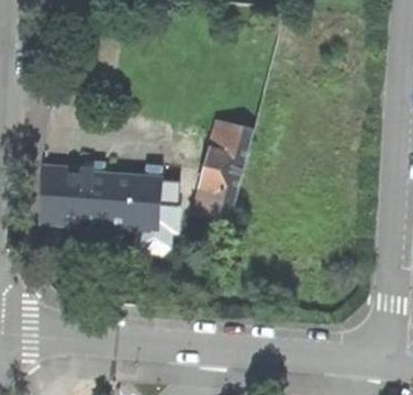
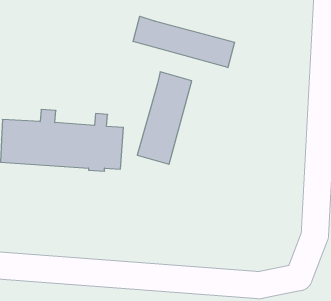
building: none -> [133,16,235,68]

